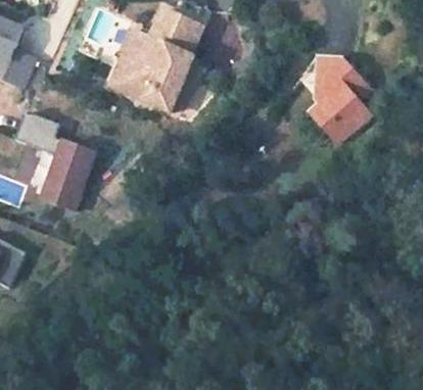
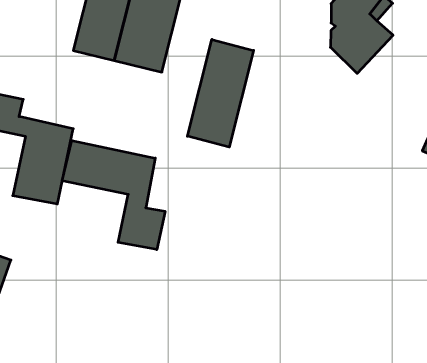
building: none -> [187,39,254,147]
building: none -> [62,141,165,250]

